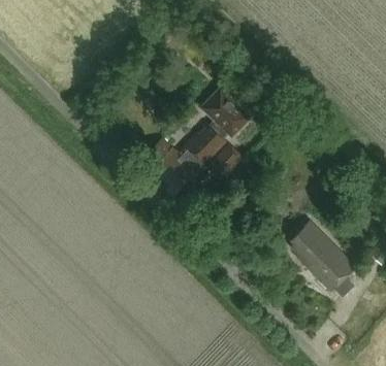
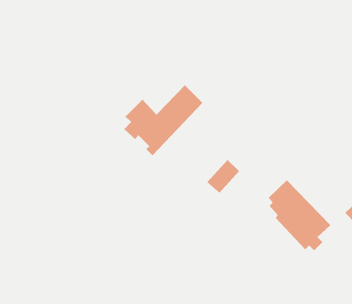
building: [199,86,252,137] -> none
building: [207,144,242,179] -> [206,159,240,193]

